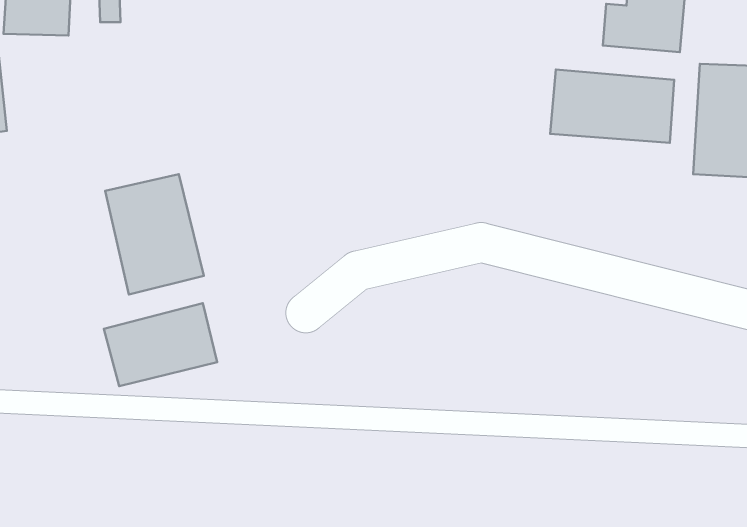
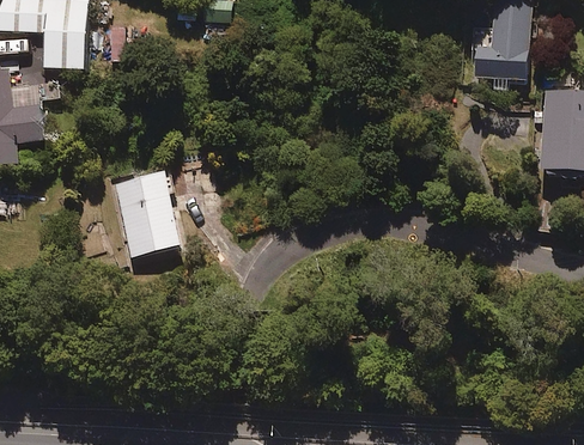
building: [550,69,674,143] -> none
building: [104,303,217,386] -> none

